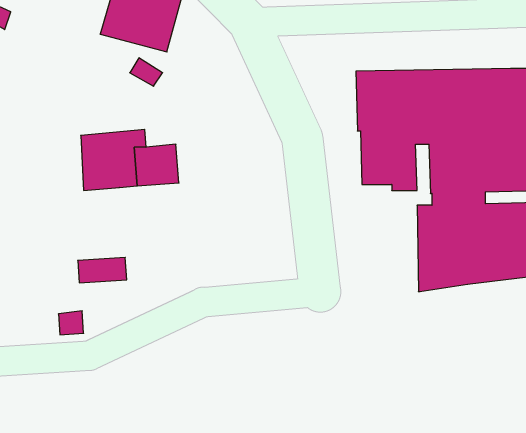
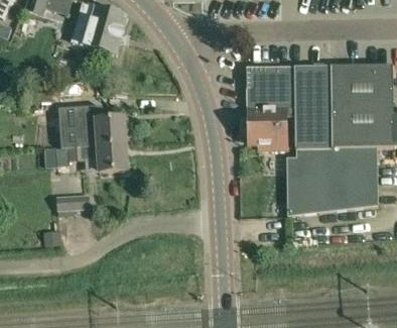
building: none -> [97,141,127,171]
building: none -> [45,144,86,167]

